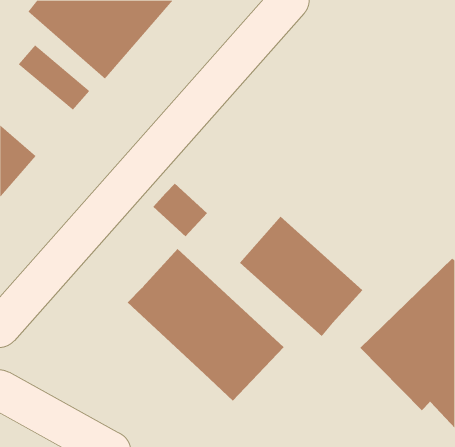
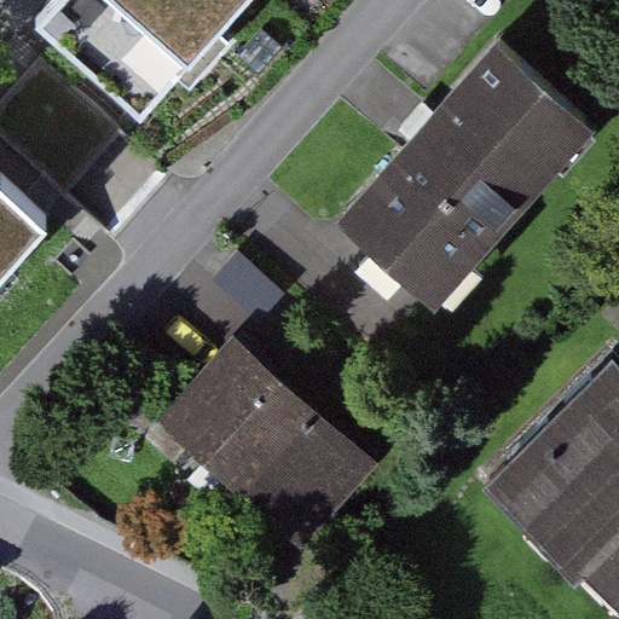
building: none -> [341,39,592,300]
building: [239,216,363,337] -> none

